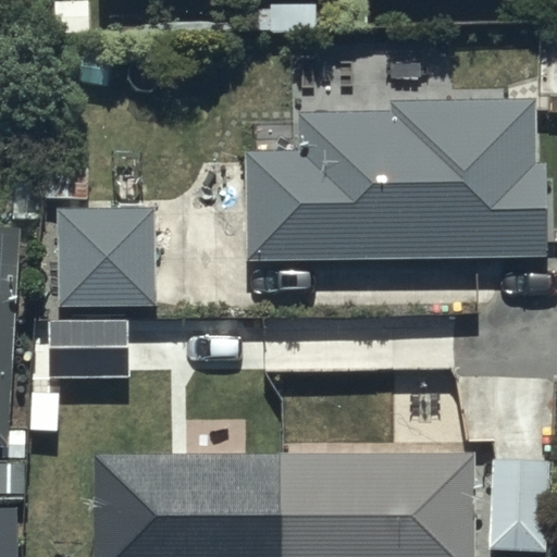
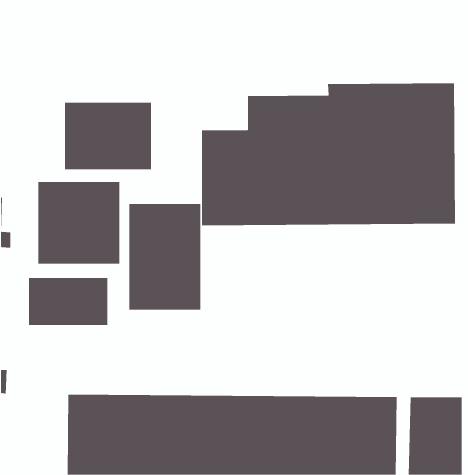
building: none -> [64,102,152,170]
building: none -> [129,203,201,310]

